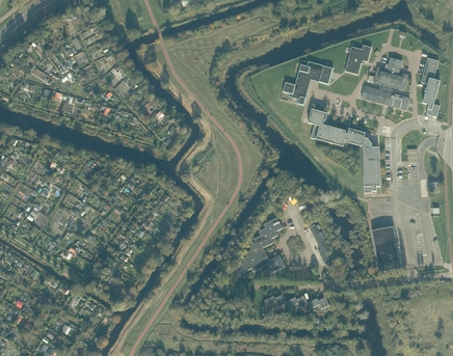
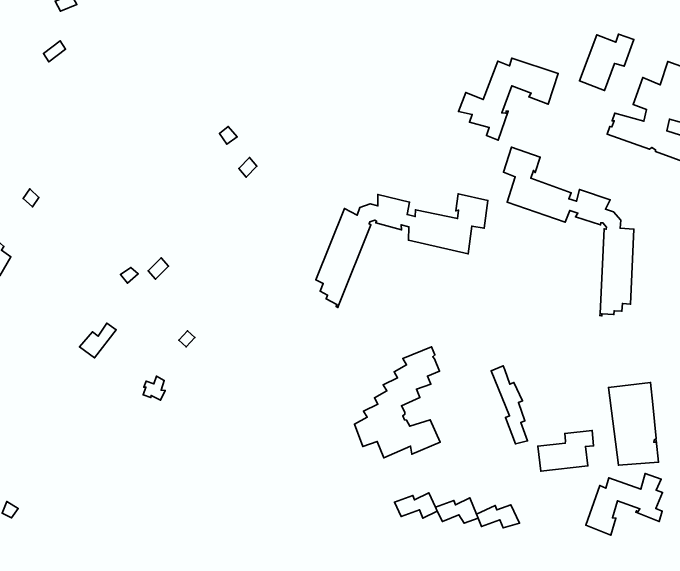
building: none -> [316,194,488,307]
building: none -> [538,431,593,471]
building: none -> [586,474,662,535]

